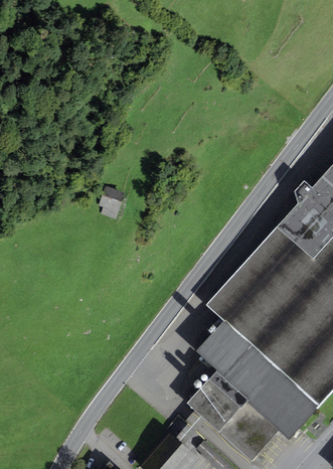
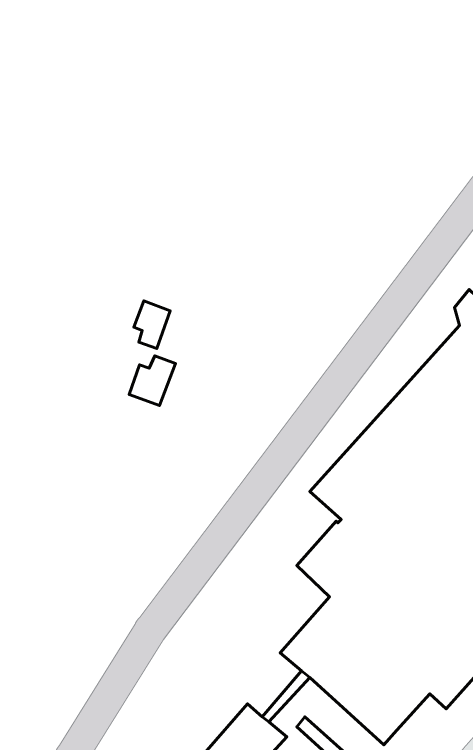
building: none -> [129,356,176,405]

